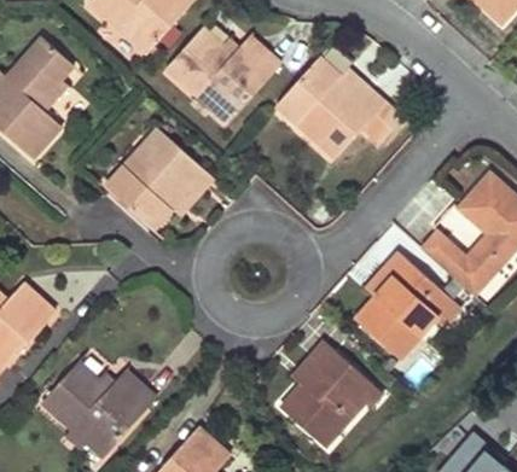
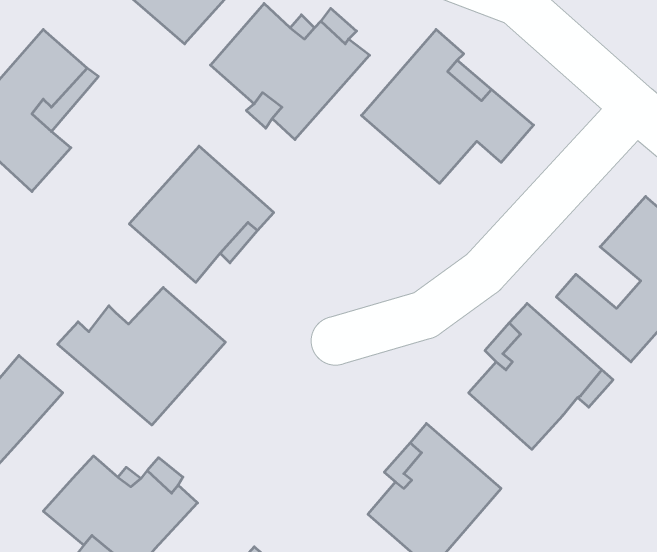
building: none -> [58,287,225,425]

